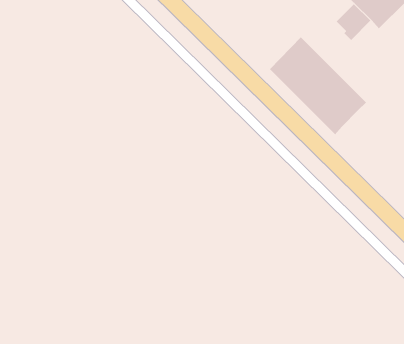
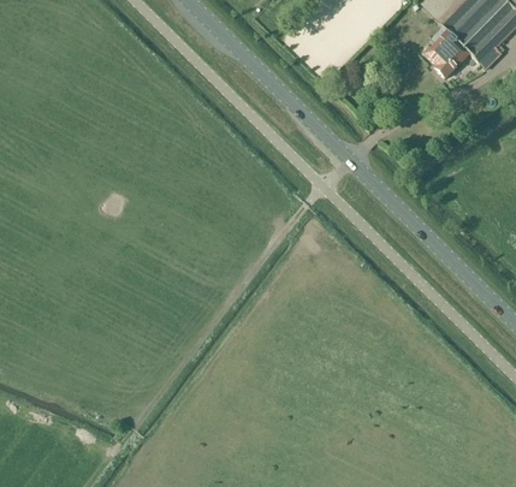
building: [269,36,367,135] -> none

